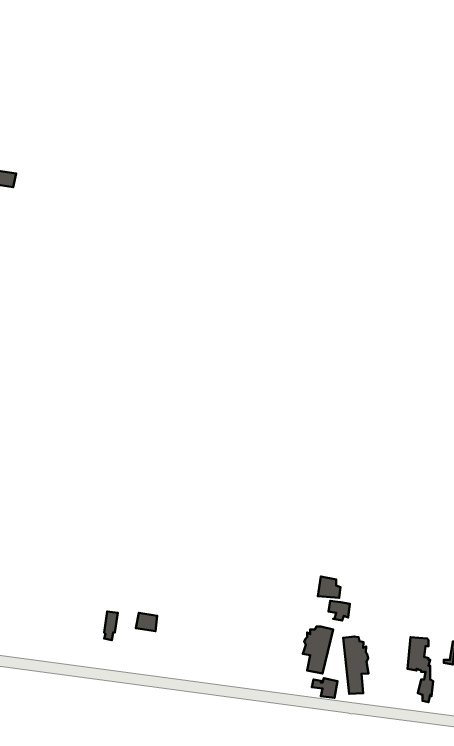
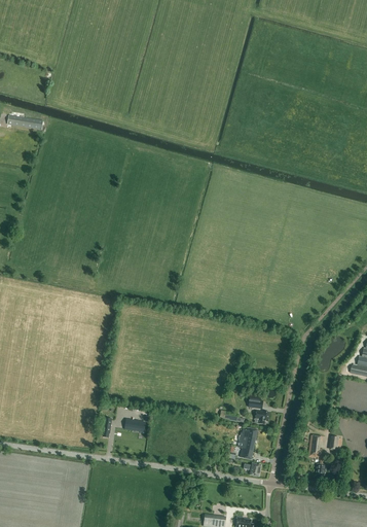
building: [343,636,369,694] -> none

